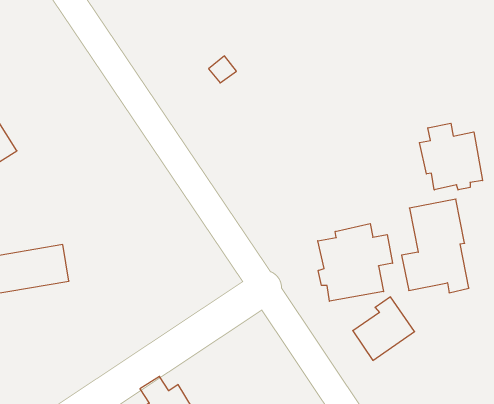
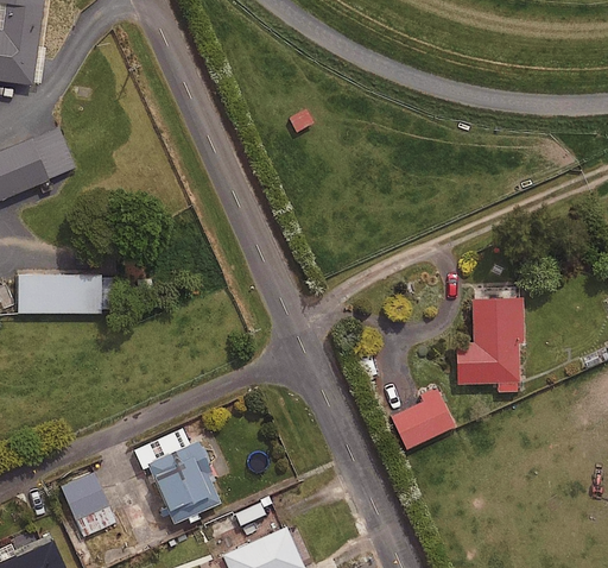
building: [419,123,483,190] -> none
building: [318,224,393,301] -> none

